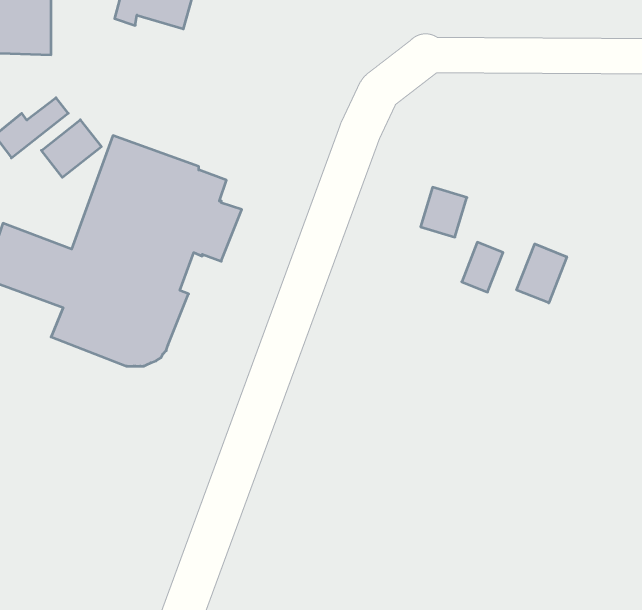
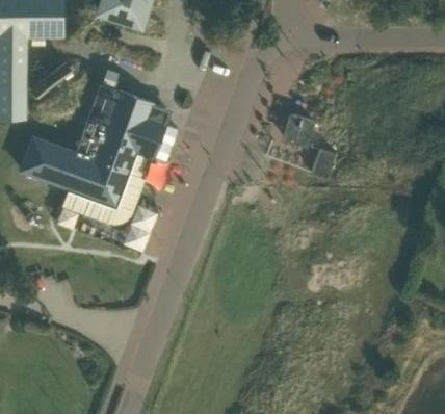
building: [41,120,101,177] -> none
building: [517,244,567,303] -> none

